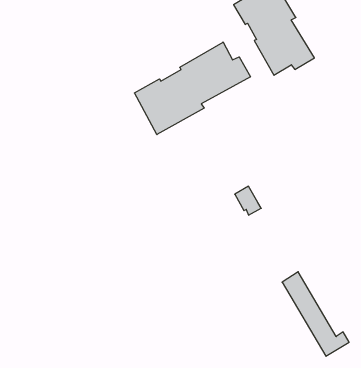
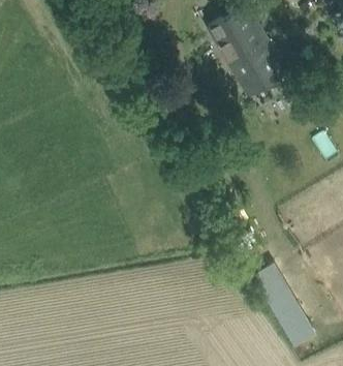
building: [134,42,250,135] -> none

